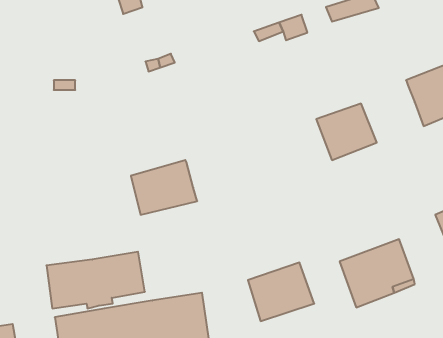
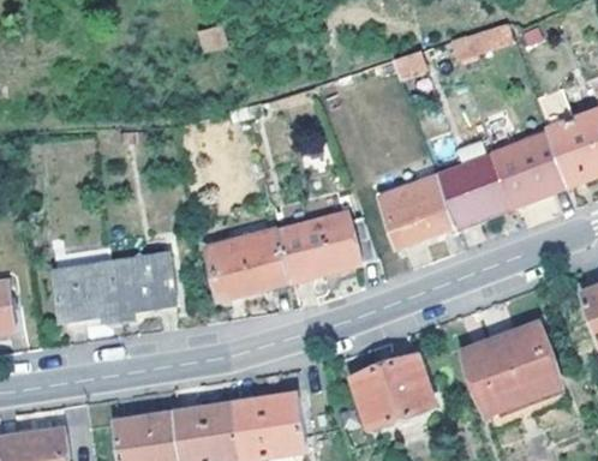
building: none -> [491,136,568,206]
building: none -> [381,178,455,249]
building: none -> [276,209,375,279]
building: [46,252,145,308] -> [53,252,174,322]

